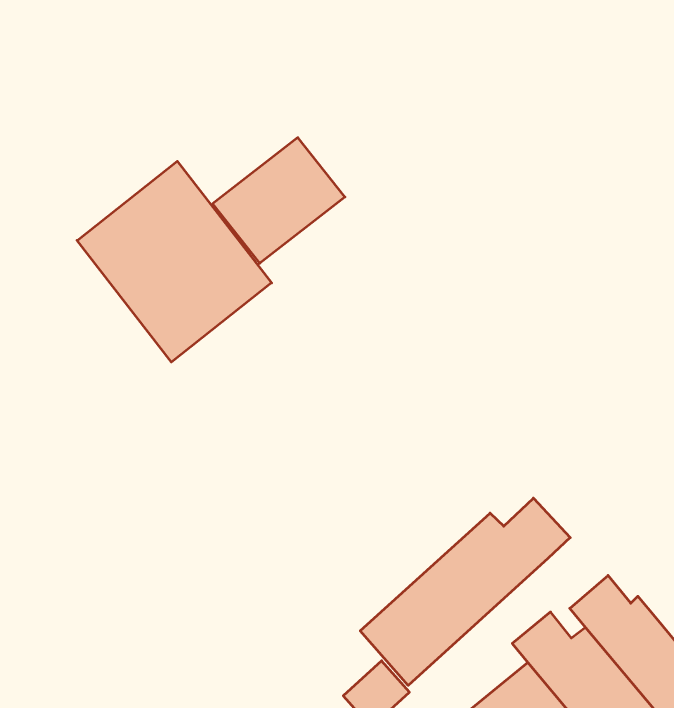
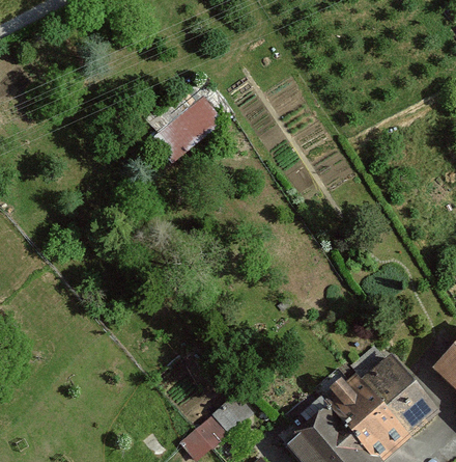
building: [77,161,272,362] -> none
building: [360,498,570,685] -> none

